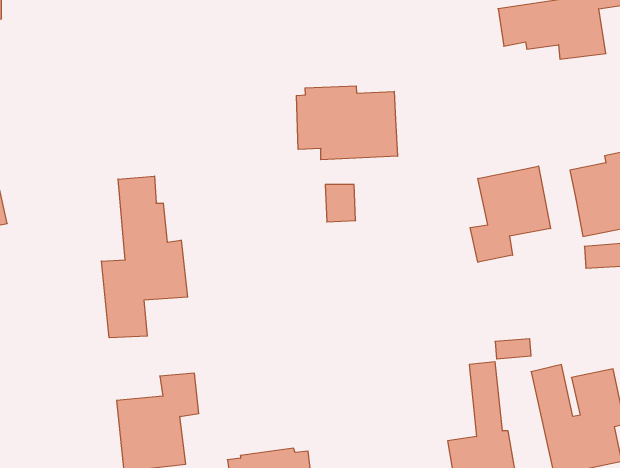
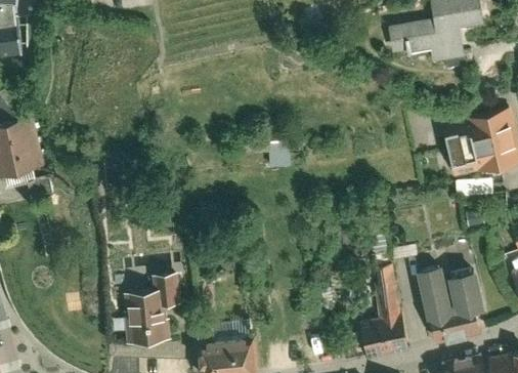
building: [296,86,397,160] -> none
building: [470,166,551,262] -> none
building: [101,176,188,338] -> none

